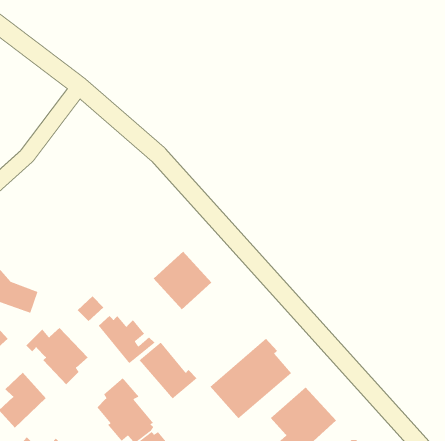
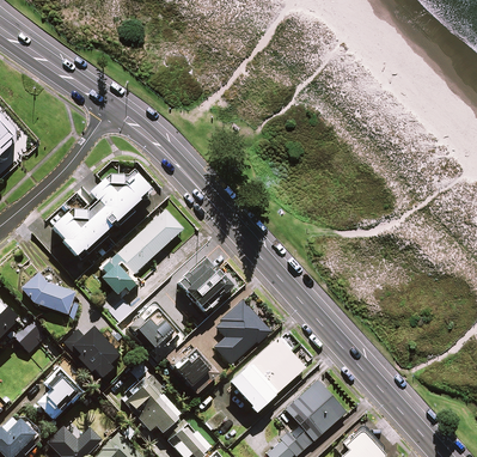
building: none -> [53,173,149,256]
building: none -> [102,209,183,294]
building: none -> [214,303,268,365]

